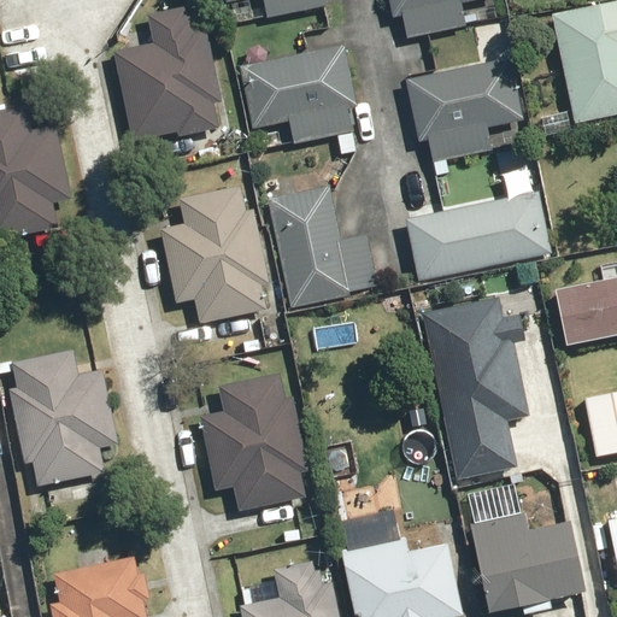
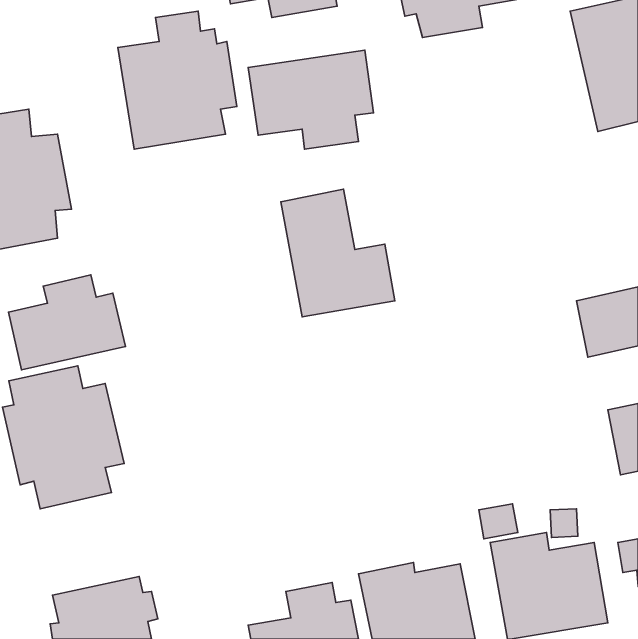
building: [405,54,527,164] -> none
building: [160,189,268,323] -> none
building: [405,190,552,281] -> none
building: none -> [8,275,125,370]
building: [417,296,528,483] -> none
building: [198,374,317,517] -> none

